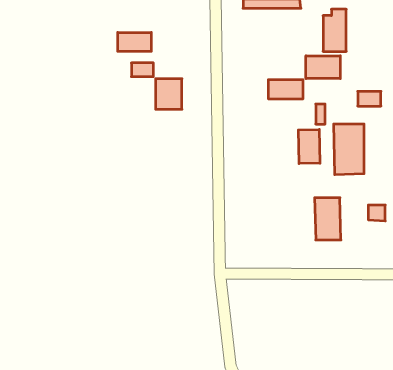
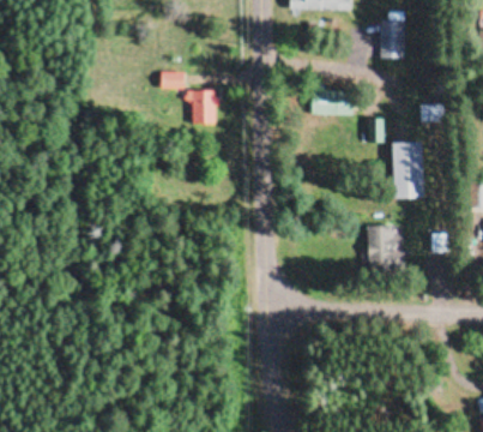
building: [118,32,151,51] -> none
building: [306,56,340,79] -> none
building: [298,129,320,164] -> none

